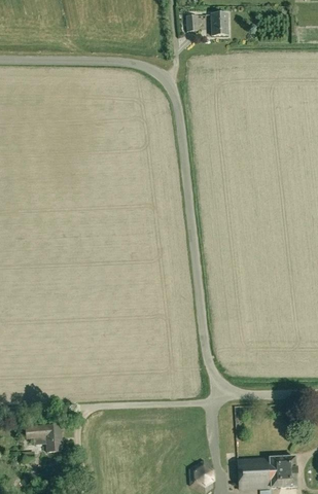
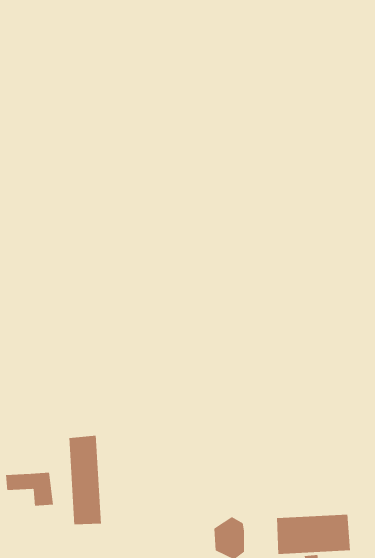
building: none -> [69,435,101,525]

